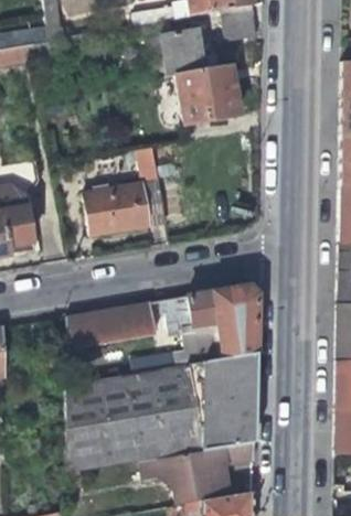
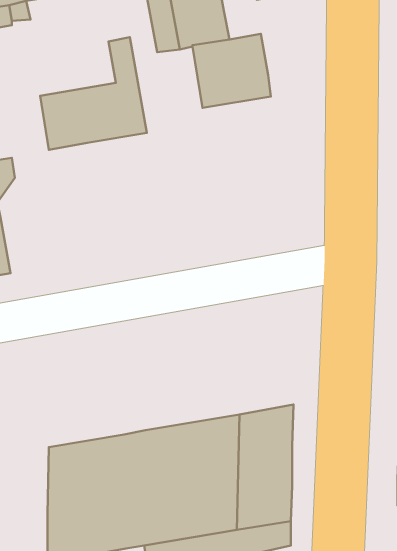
building: [85,147,168,234] -> [40,37,147,150]
building: [139,287,256,372] -> none
building: [67,303,157,351] -> none

